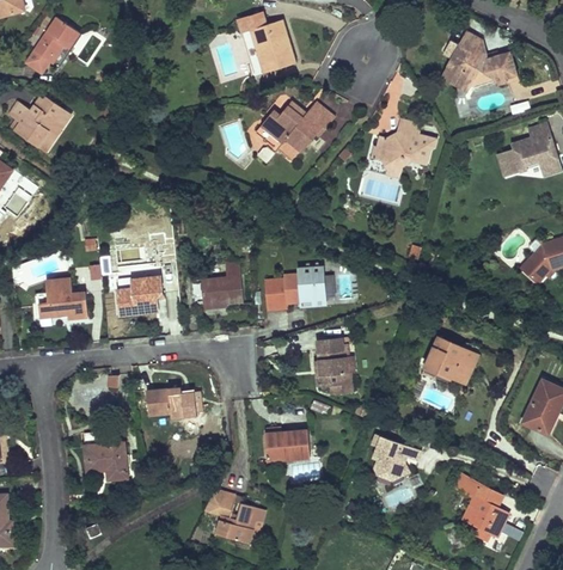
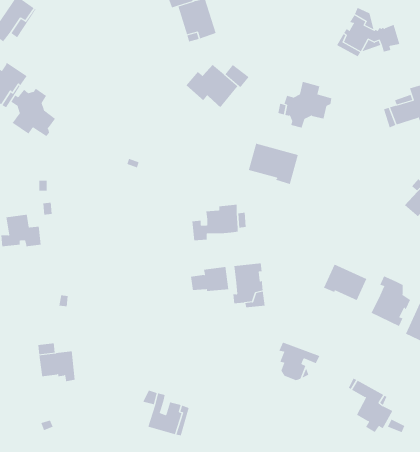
building: none -> [11,88,56,137]
building: none -> [248,143,298,185]
building: [117,276,163,315] -> none
building: [200,276,243,306] -> none
building: none -> [371,276,411,327]
building: [146,388,201,419] -> none
building: [263,429,310,459] -> [190,267,229,292]

